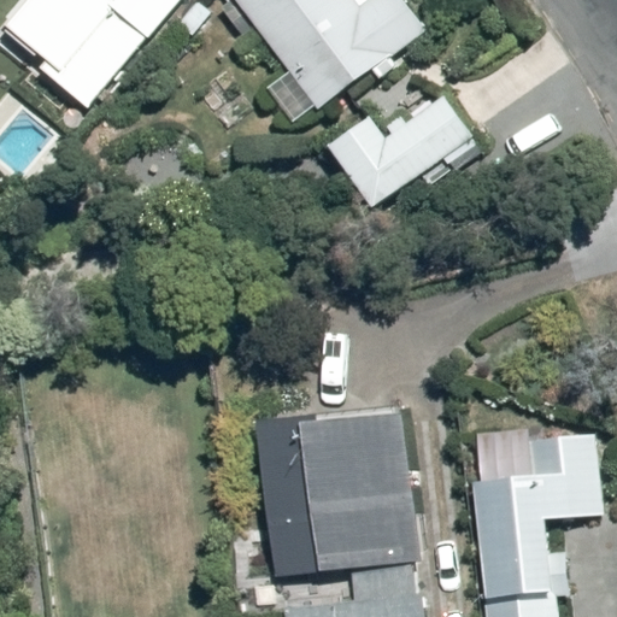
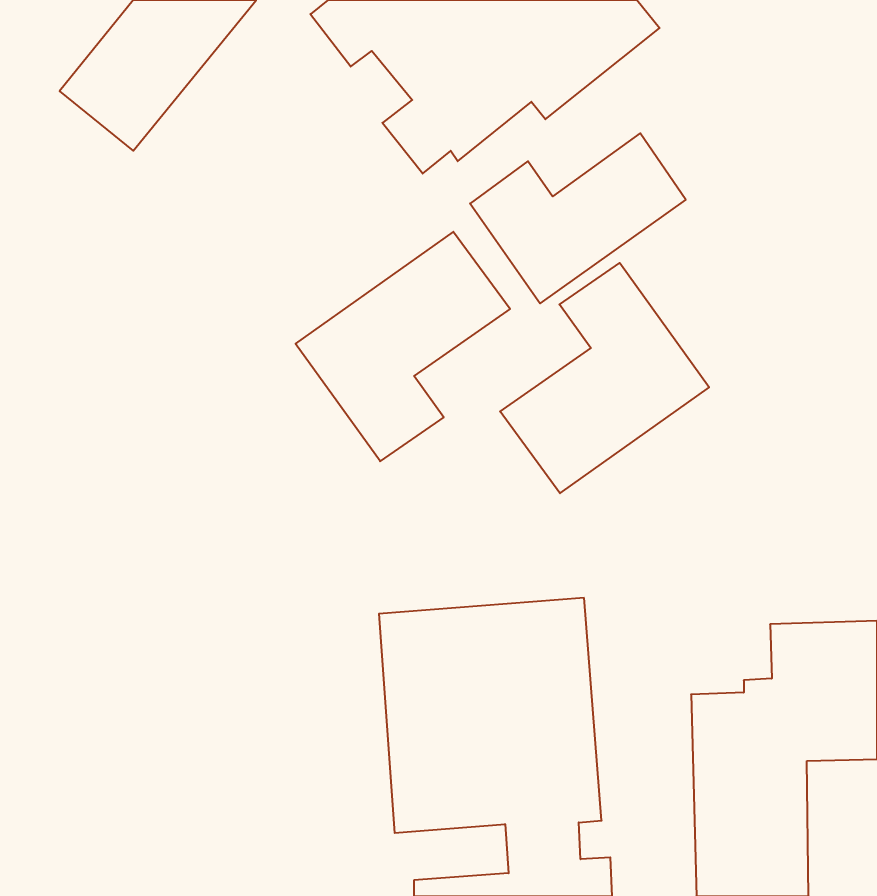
building: none -> [296,232,510,461]
building: none -> [500,263,709,493]

